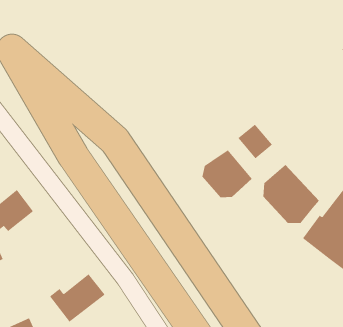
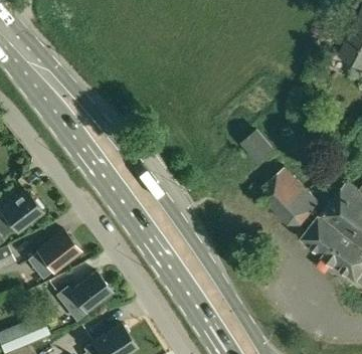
building: [202,149,253,198] -> none
building: none -> [29,230,79,278]

